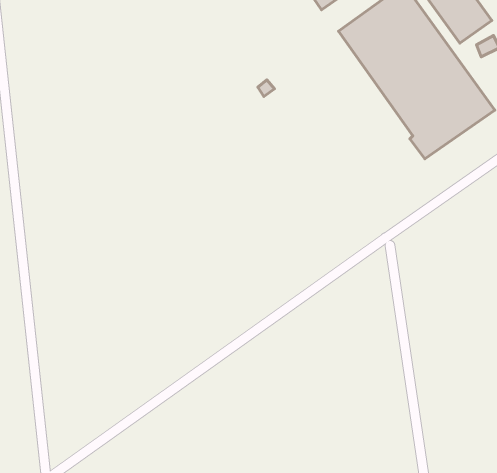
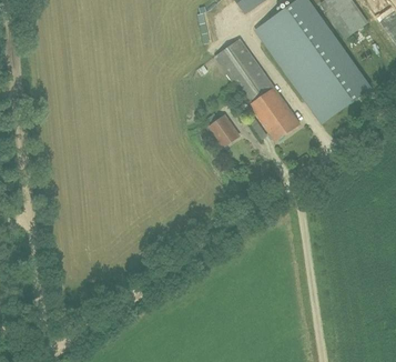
building: none -> [214,39,298,141]
building: none -> [209,115,237,147]

